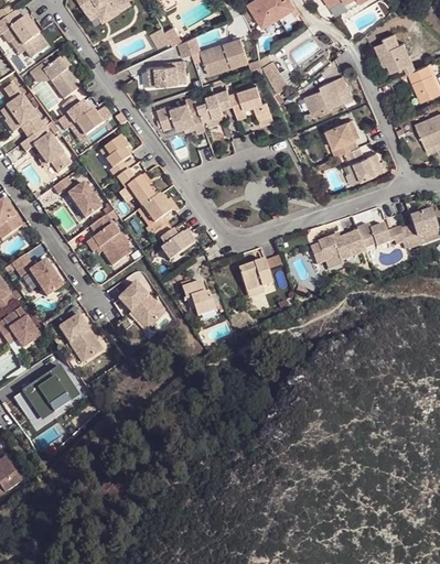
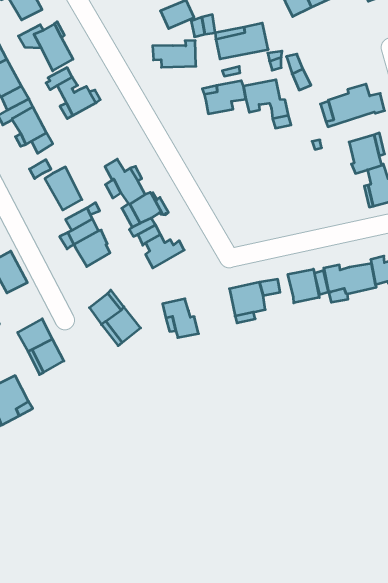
building: [157,102,205,131] -> none
building: [105,135,130,178] -> none
building: none -> [288,269,319,303]

